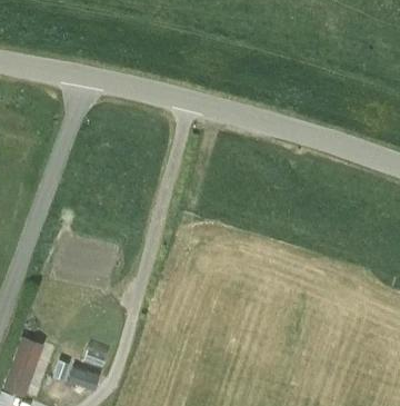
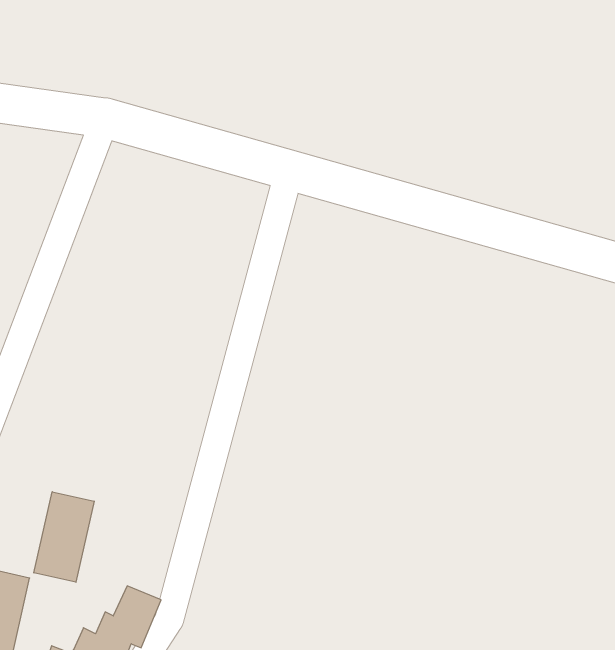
building: none -> [34,492,94,582]

